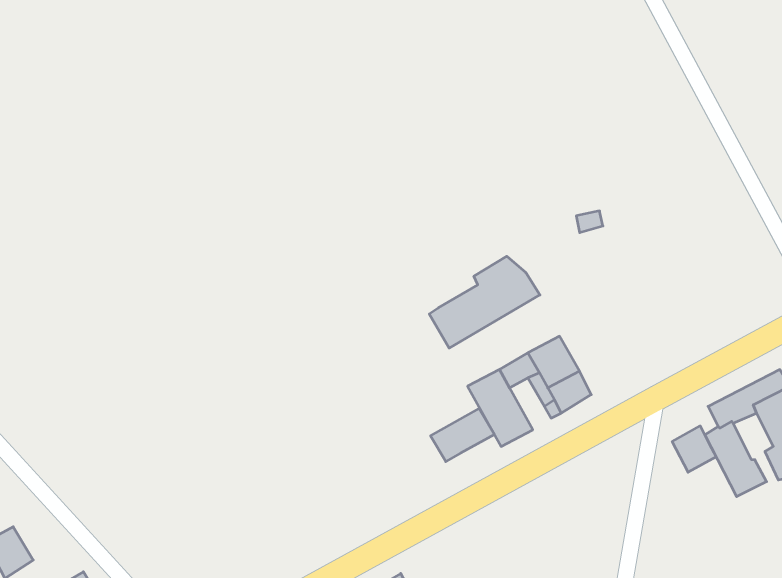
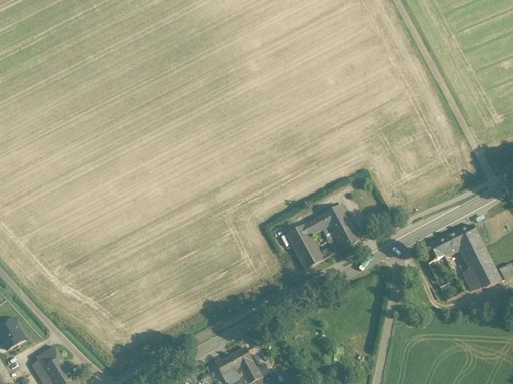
building: [429,256,540,348] -> none
building: [431,409,494,462] -> none
building: [672,426,716,472] -> none

